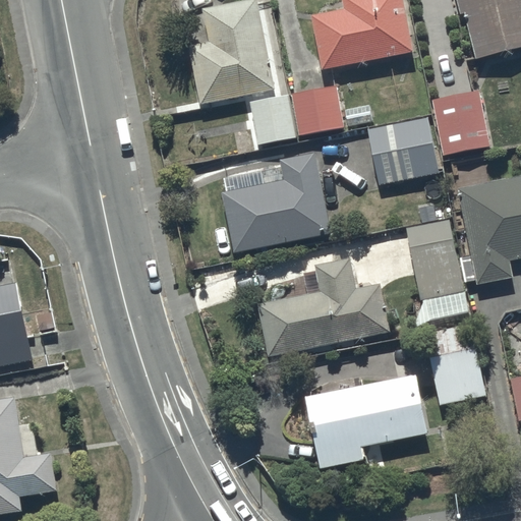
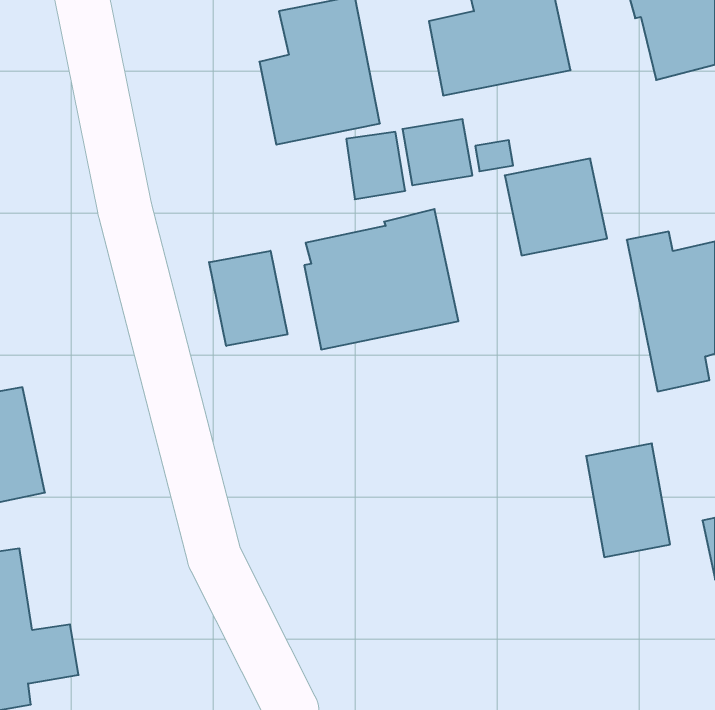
building: [430,89,491,155] -> none
building: none -> [209,251,287,346]
building: [406,218,471,326] -> none
building: [257,258,390,356] -> none
building: [305,373,428,468] -> none

